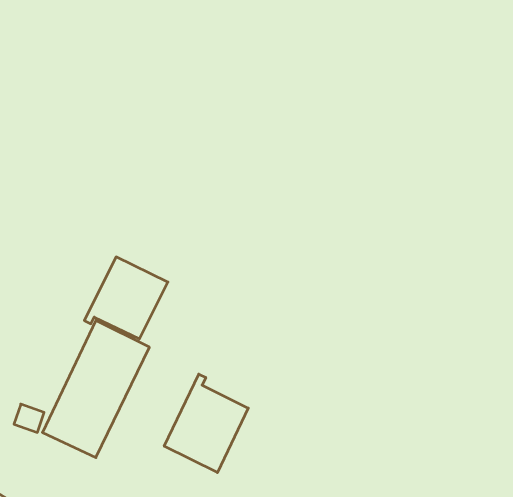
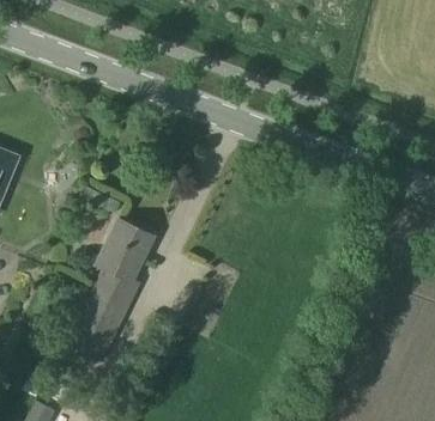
building: [164,374,248,473] -> none

